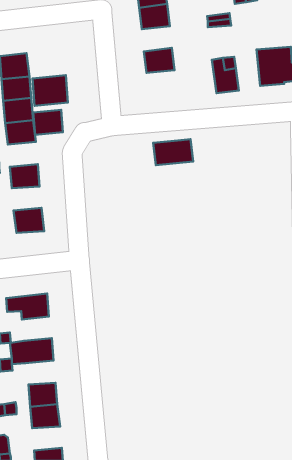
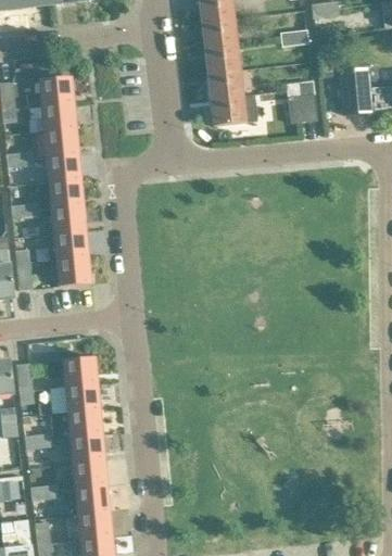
building: none -> [205,45,240,74]
building: [32,75,68,106] -> none
building: [33,110,63,135] -> [49,179,84,208]
building: [153,139,193,165] -> [211,94,257,125]
building: none -> [53,231,88,260]
building: none -> [65,383,100,412]
building: none -> [69,434,104,463]
building: none -> [77,511,112,540]

